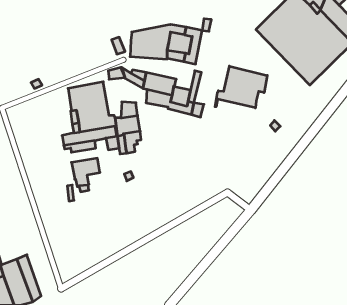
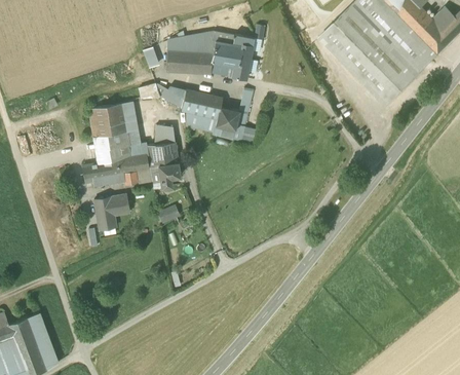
building: [215,66,267,108] -> none

